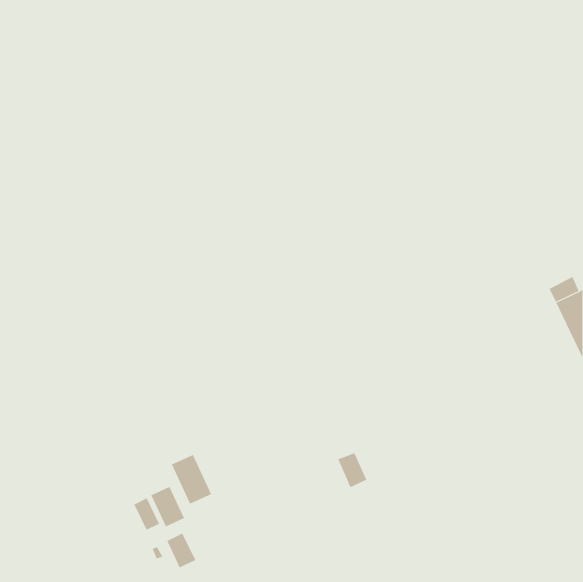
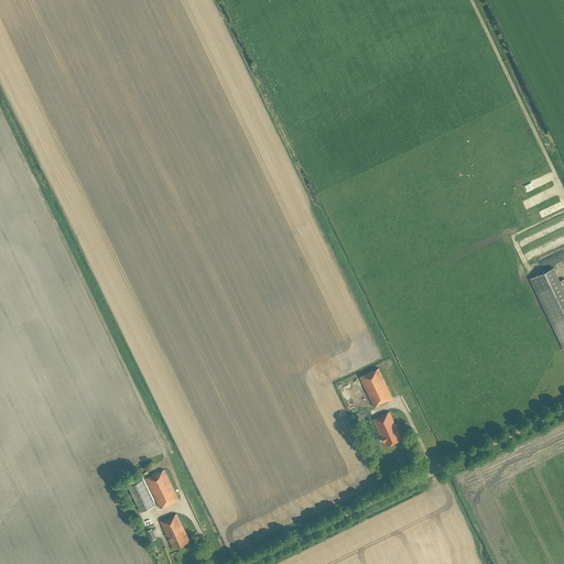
building: none -> [360,369,392,408]
building: [338,452,367,488] -> [373,413,402,447]
building: [171,454,212,504] -> none

